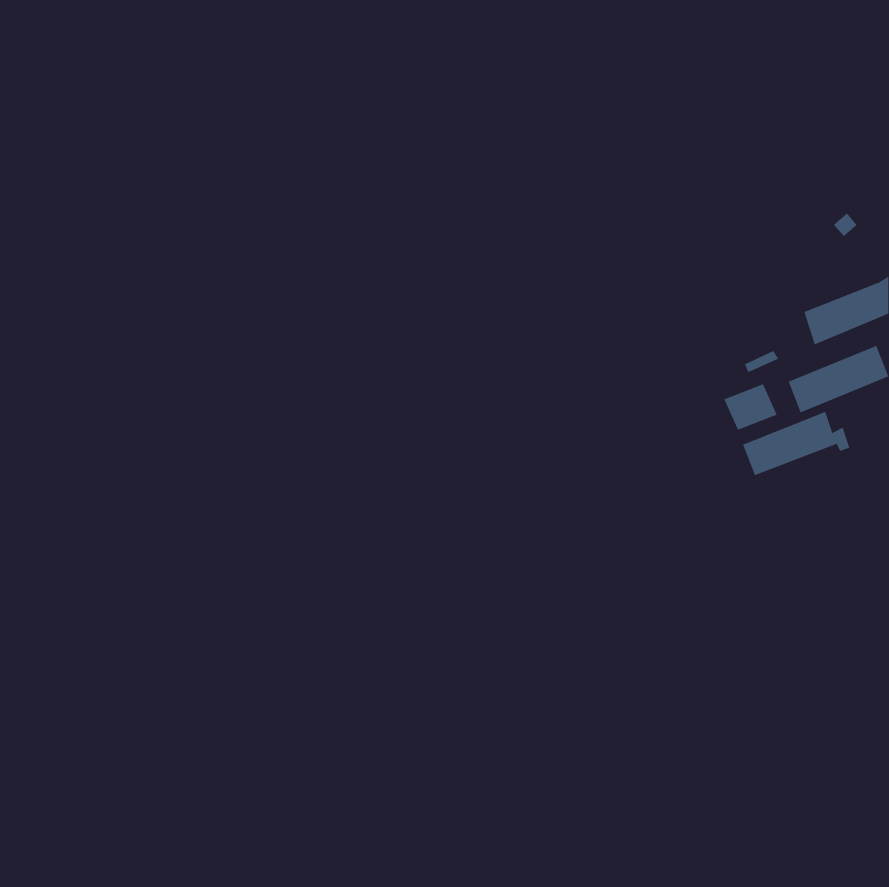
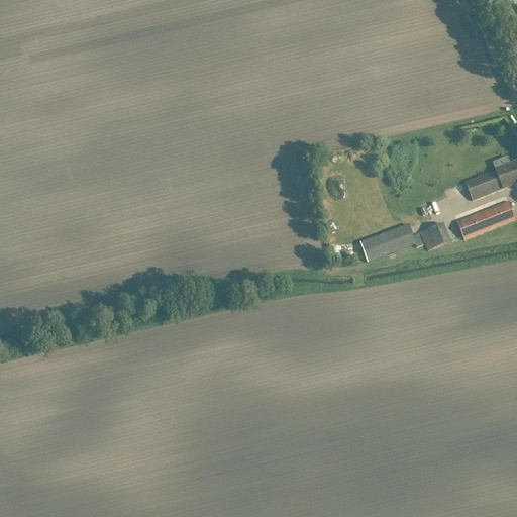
building: [742,411,850,476] -> [359,223,422,261]

